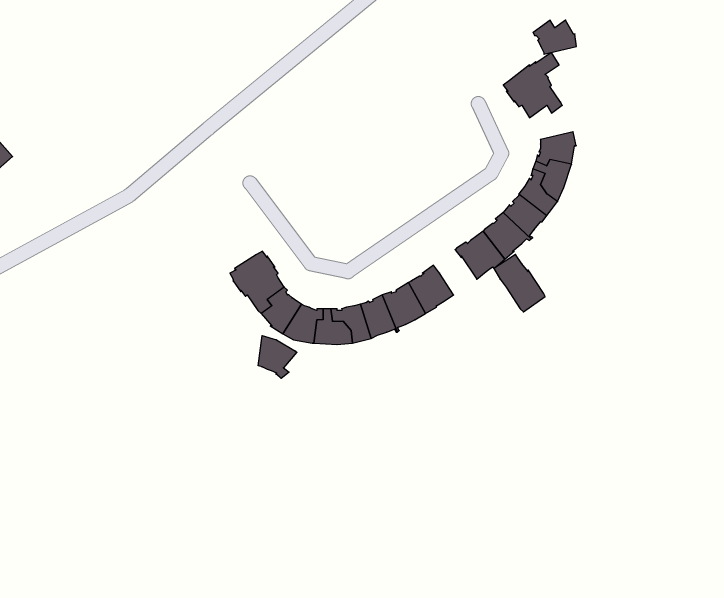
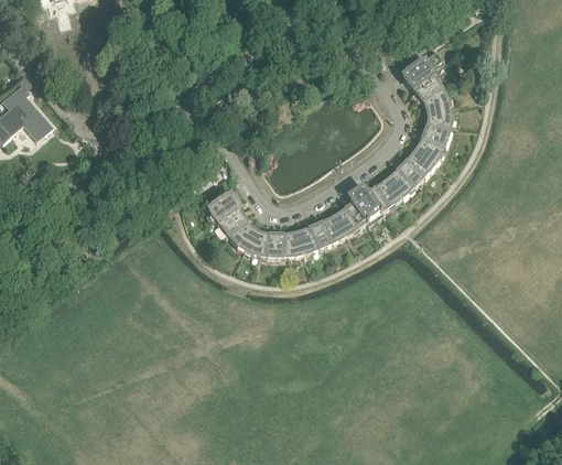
building: [533,20,576,54] -> [419,89,450,113]
building: [494,254,545,312] -> [346,185,382,226]
building: [258,336,297,378] -> none

